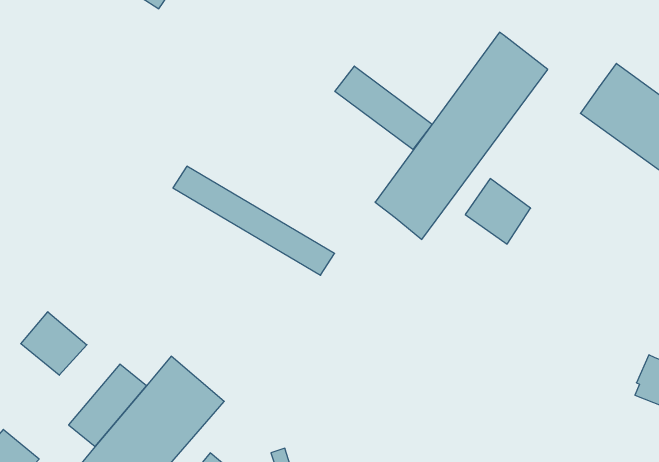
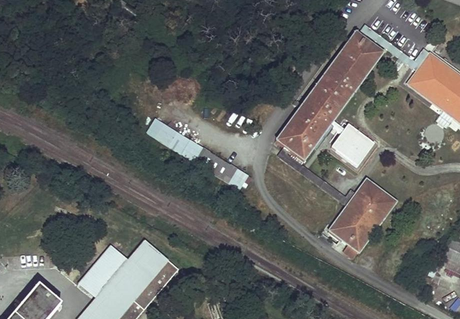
building: [335,66,432,149] -> none
building: none -> [327,179,395,253]
building: [21,312,87,375] -> none

